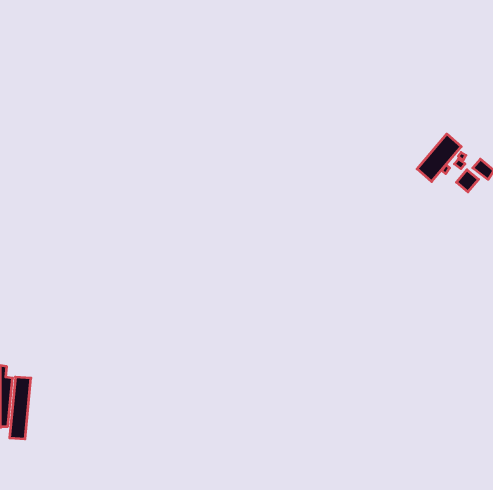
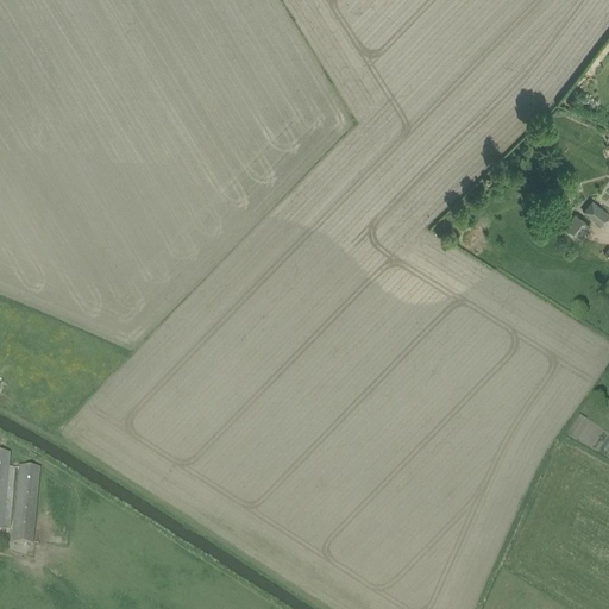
building: [417,134,461,182] -> none

